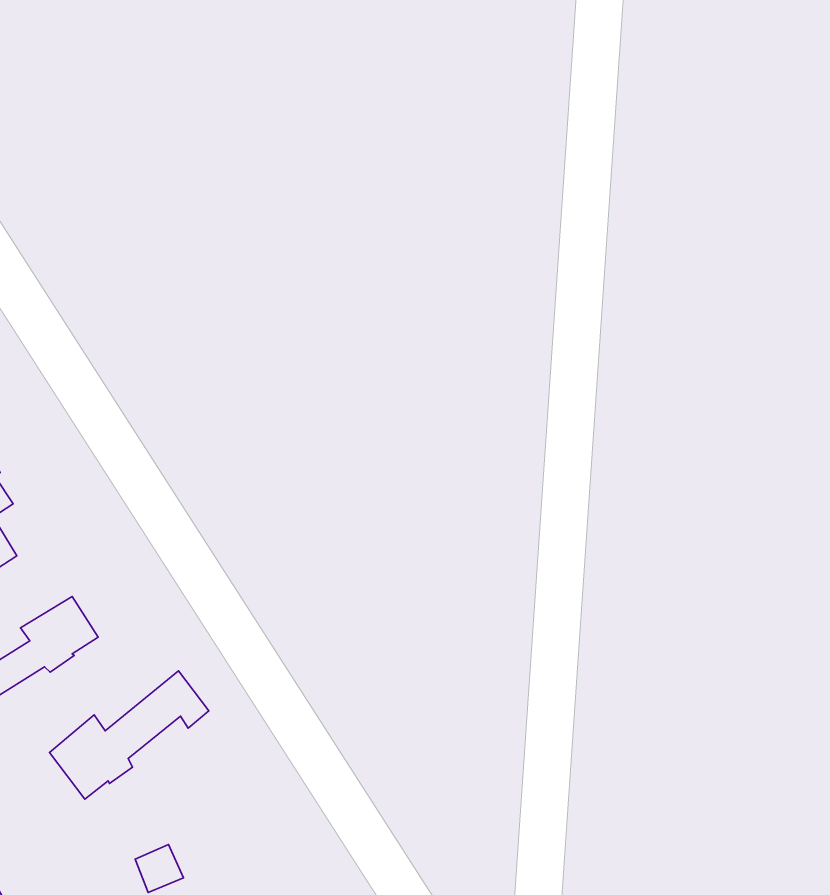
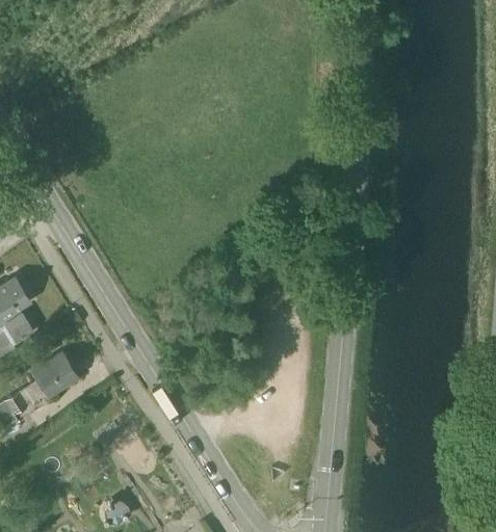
building: [49,671,209,799] -> none

